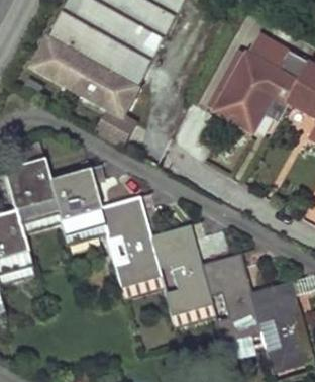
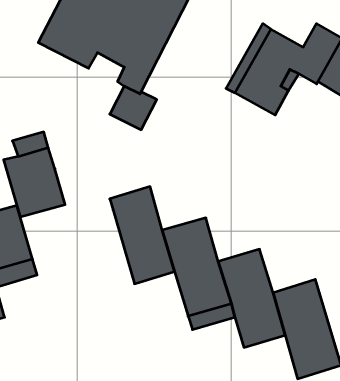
building: [247,33,289,71] -> none
building: [52,170,105,229] -> none

